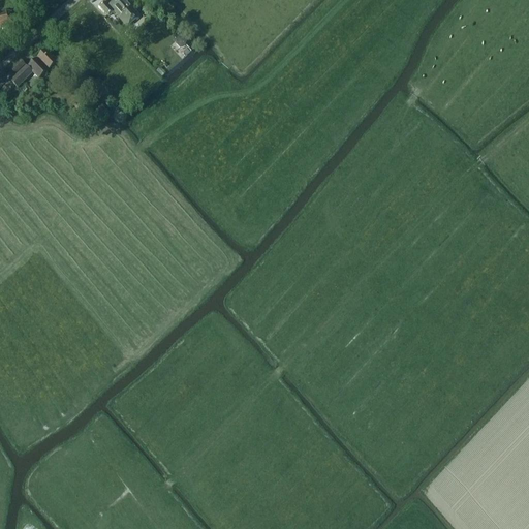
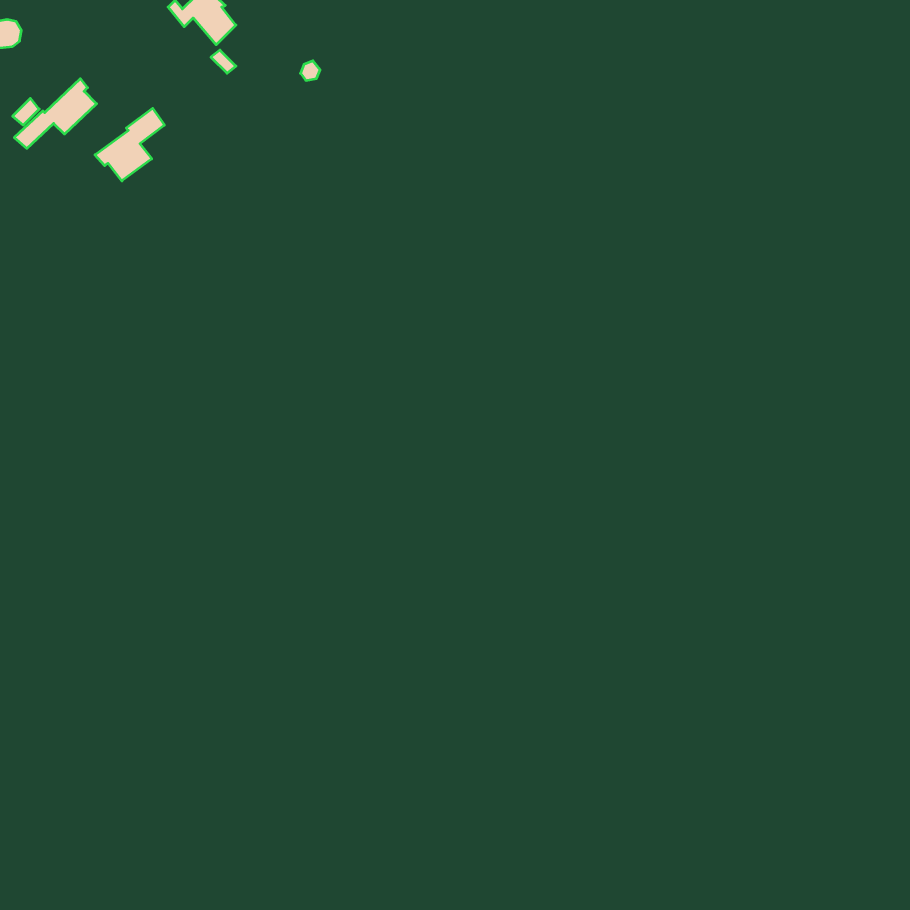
building: none -> [95,108,164,181]

